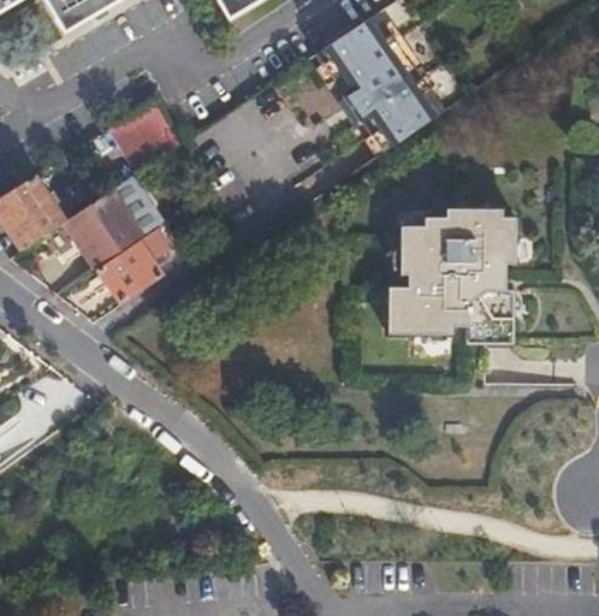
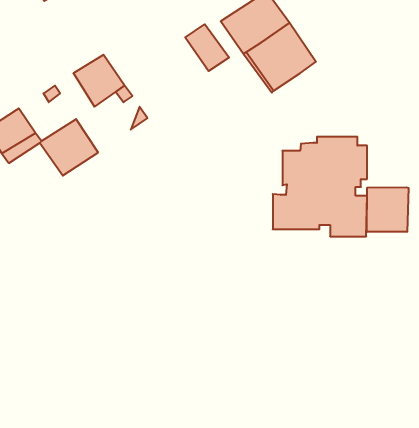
building: none -> [185,24,229,71]
building: [106,225,185,296] -> none
building: none -> [367,187,409,232]

